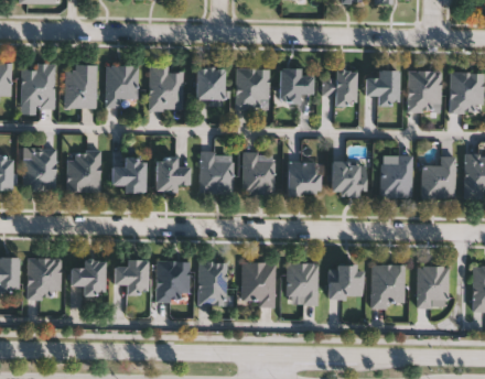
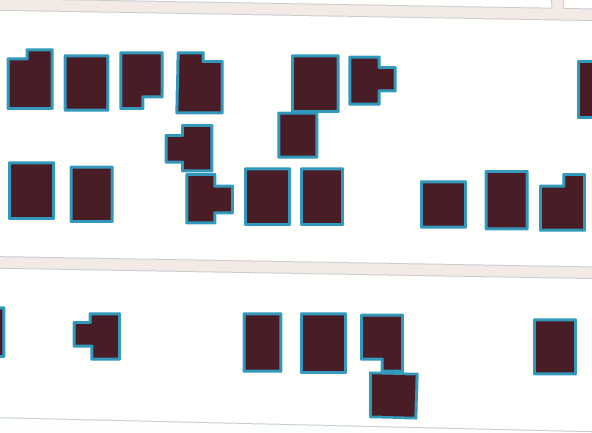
building: [195,67,224,100] -> [279,113,317,157]
building: [321,71,356,106] -> none
building: [365,71,399,107] -> none
building: [408,72,440,111] -> none
building: [111,158,146,192] -> [166,125,212,171]
building: [288,162,320,195] -> none
building: [28,257,61,297] -> none
building: [114,260,148,293] -> none
building: [157,261,190,301] -> none
building: [327,264,363,299] -> [370,373,417,418]
building: [370,264,405,306] -> none

